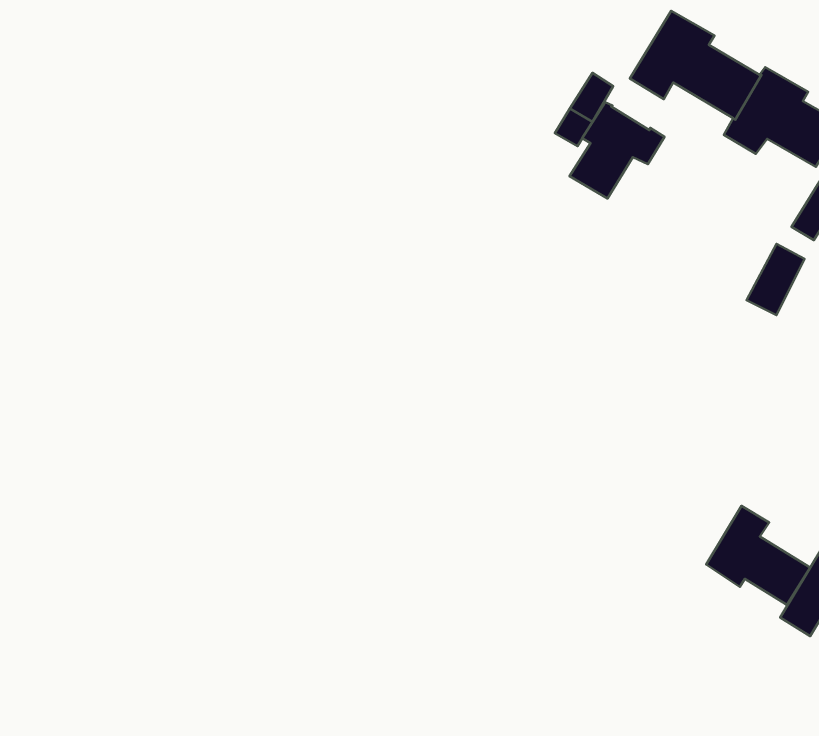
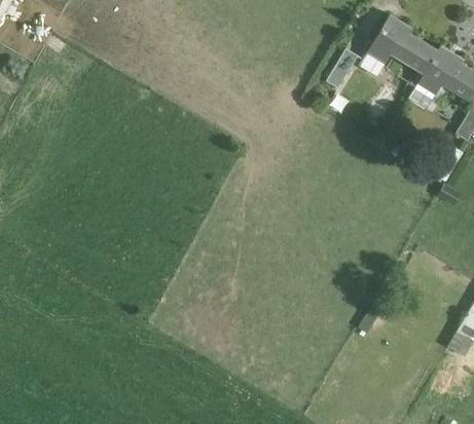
building: [570,102,664,198] -> none
building: [706,506,810,605] -> none

